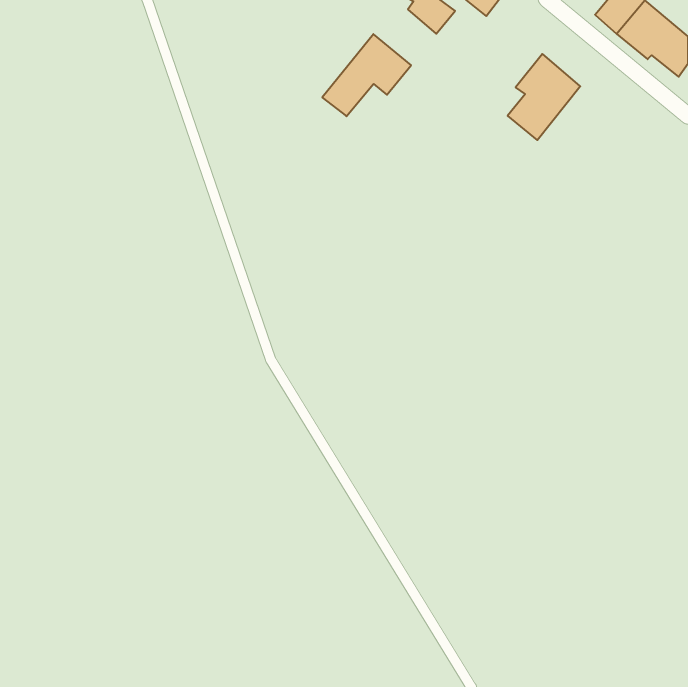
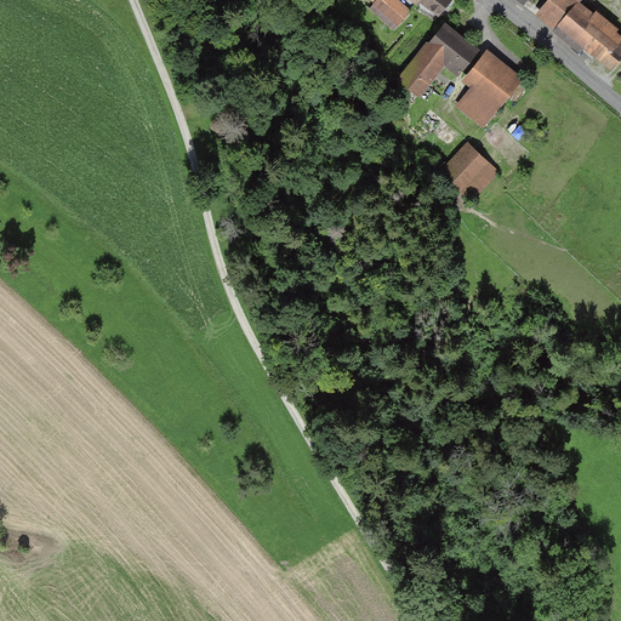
building: [322,34,411,116] -> [399,21,479,95]
building: none -> [440,142,497,199]

